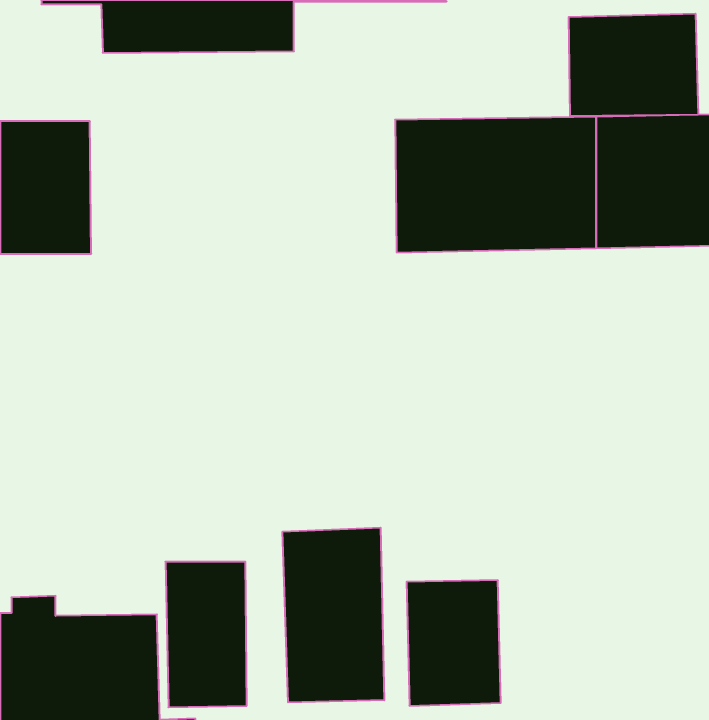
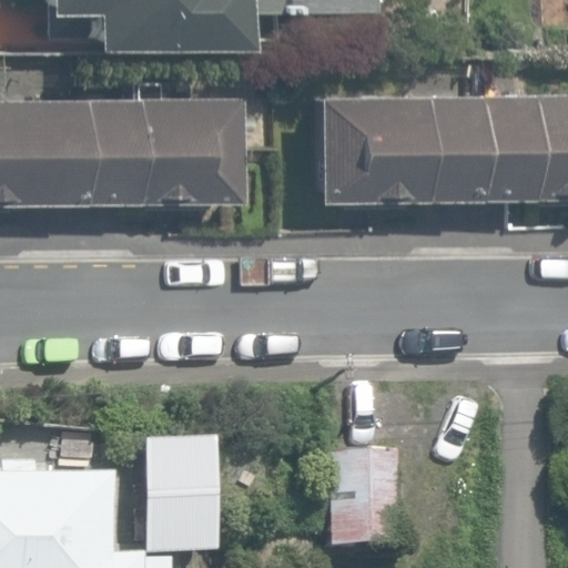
building: [569,14,698,116] -> none
building: none -> [85,99,241,204]
building: [283,528,384,702] -> none

